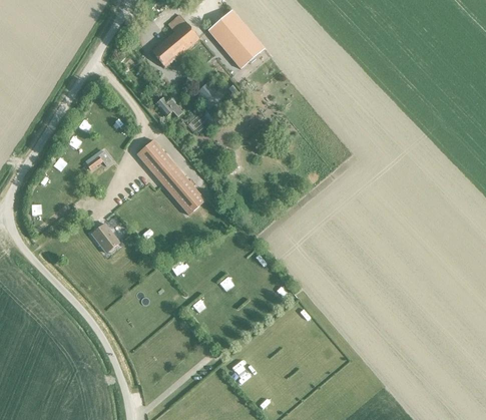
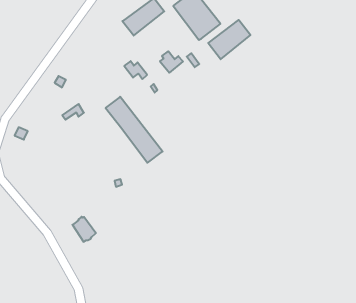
building: none -> [208,20,250,59]
building: [91,224,119,253] -> [72,217,96,242]

